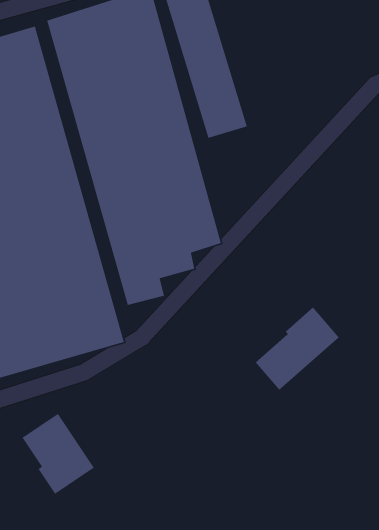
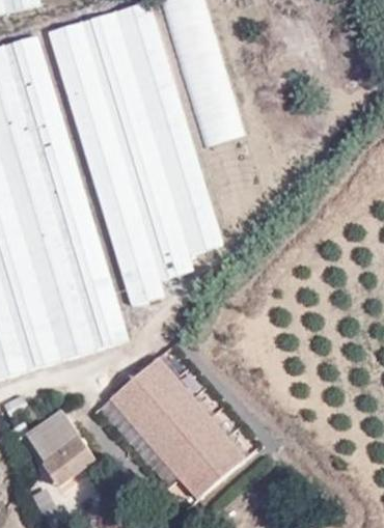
building: [255,307,340,391] -> none
building: none -> [100,346,258,508]

